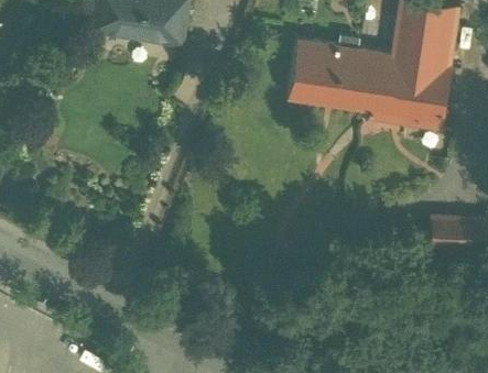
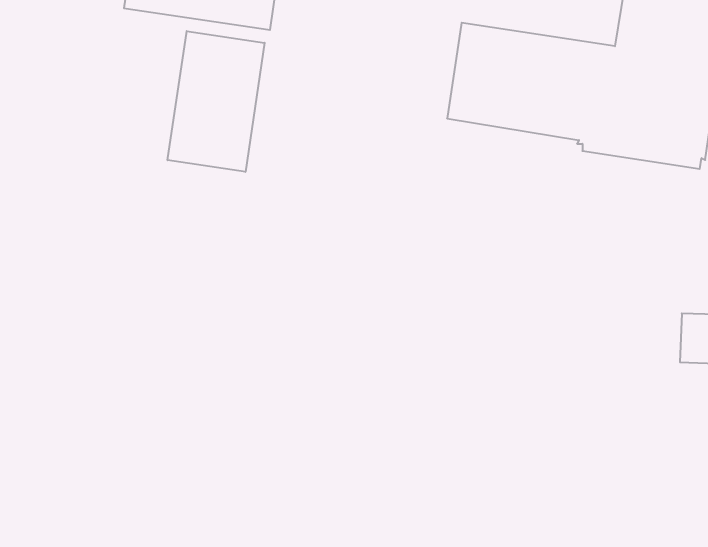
building: none -> [168,31,265,172]

